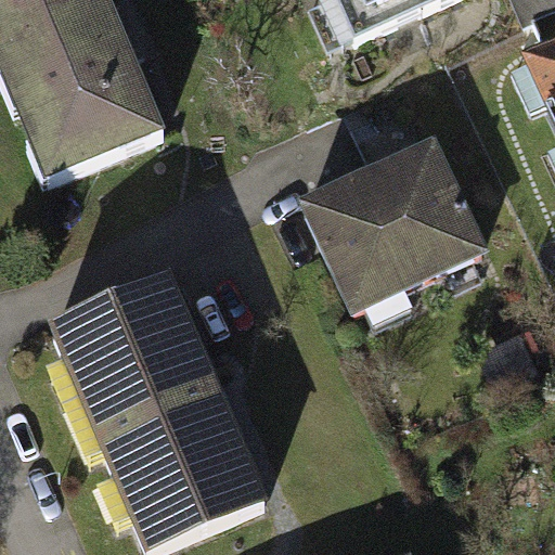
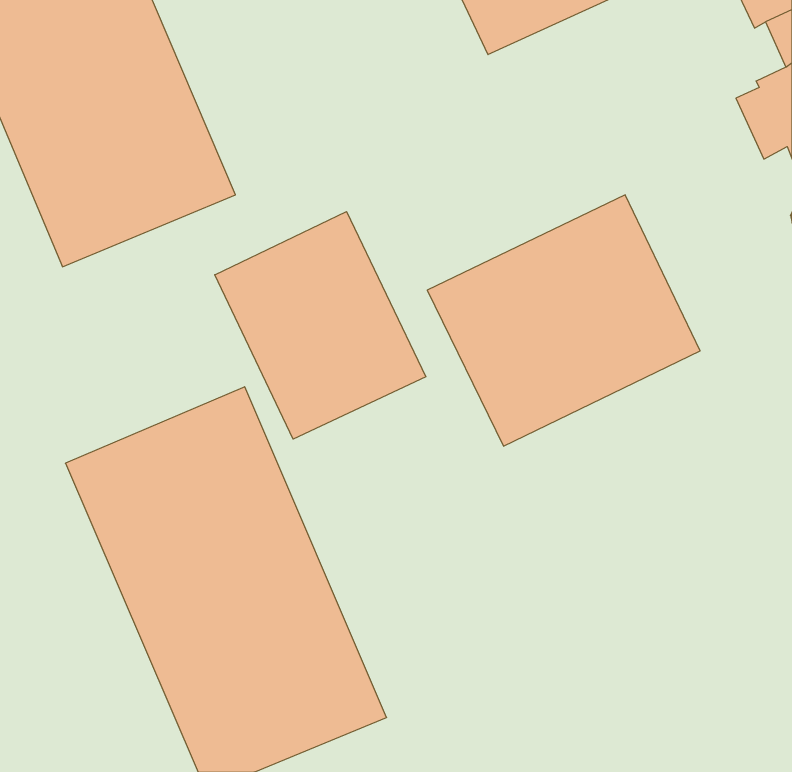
building: none -> [215,212,426,439]

